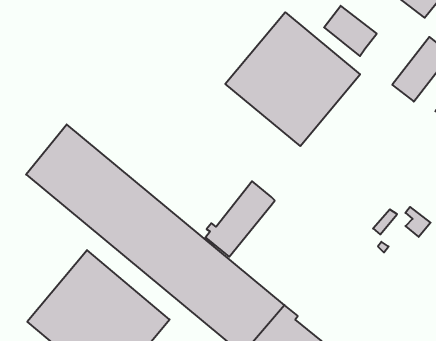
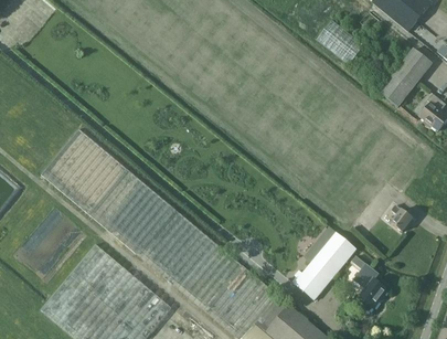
building: [225,12,360,146] -> none
building: [205,181,275,257] -> [291,233,355,303]
building: none -> [354,265,389,310]

